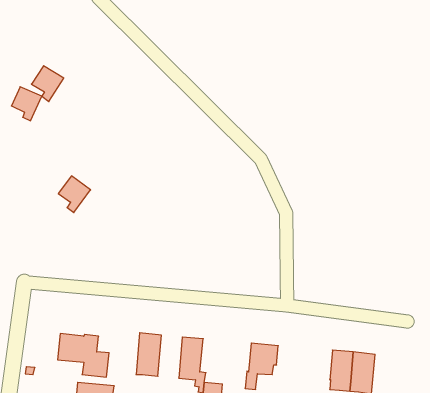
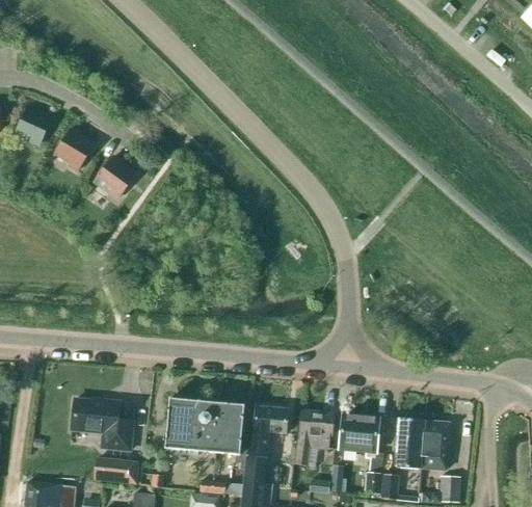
building: [31,66,64,102] -> [56,128,95,170]
building: [58,176,91,213] -> [98,155,136,198]
building: none -> [191,401,220,452]
building: none -> [246,406,289,459]
building: none -> [340,415,379,453]

